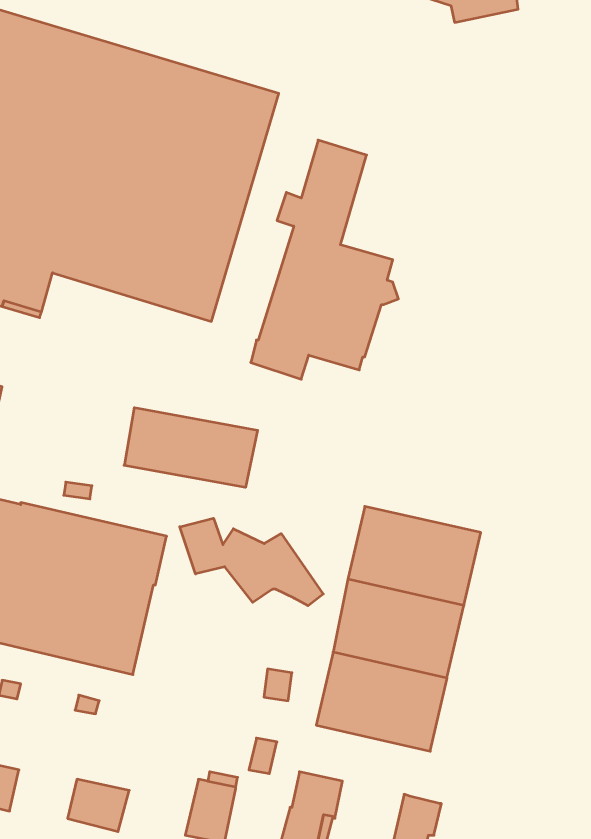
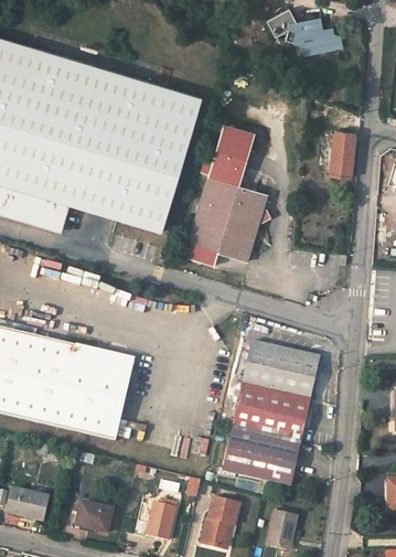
building: none -> [330,131,355,178]
building: [124,408,258,487] -> none
building: [180,518,323,606] -> none

